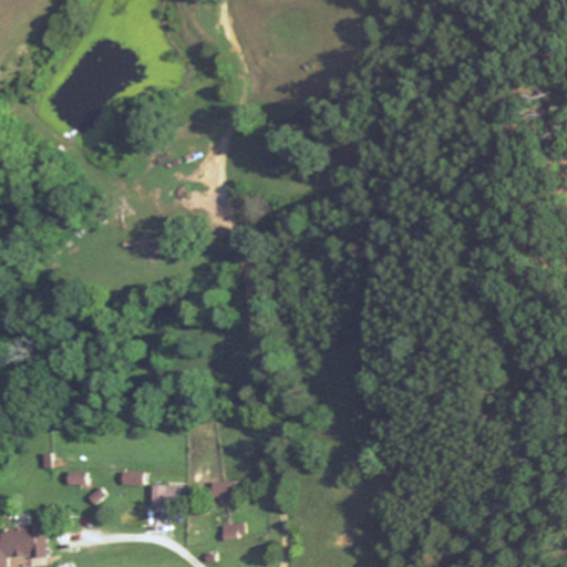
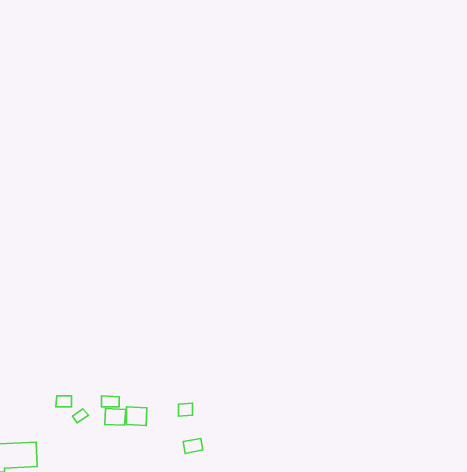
building: none -> [105,409,126,425]

